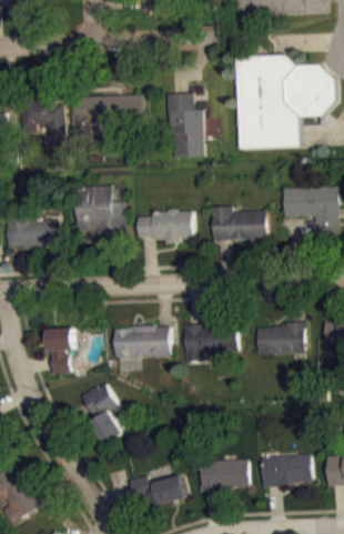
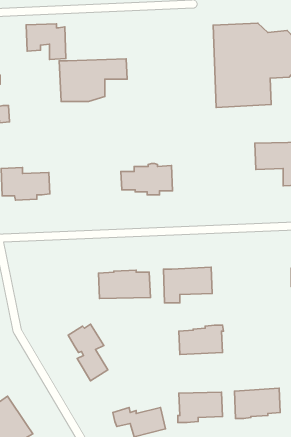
building: [166,93,202,158] -> none
building: [20,100,63,139] -> [26,24,66,59]
building: [75,184,124,245] -> none
building: [210,205,266,241] -> none
building: [255,322,304,354] -> [179,325,224,355]
building: [45,328,72,372] -> none

